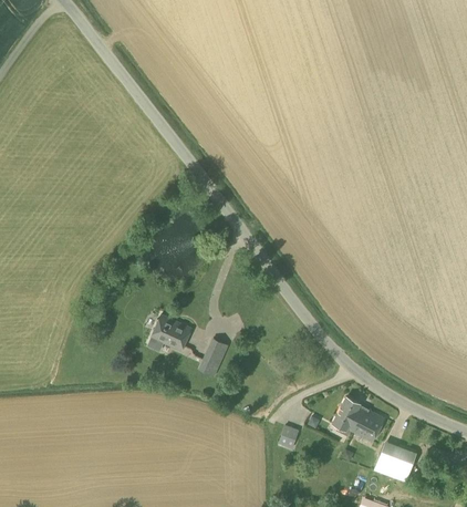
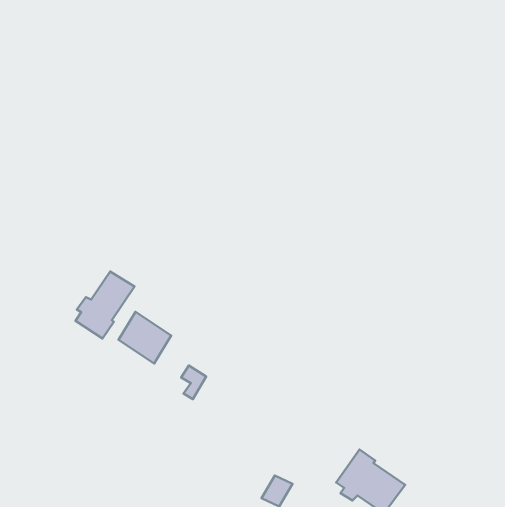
building: none -> [75,271,135,339]

